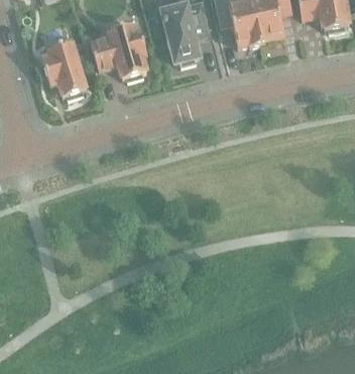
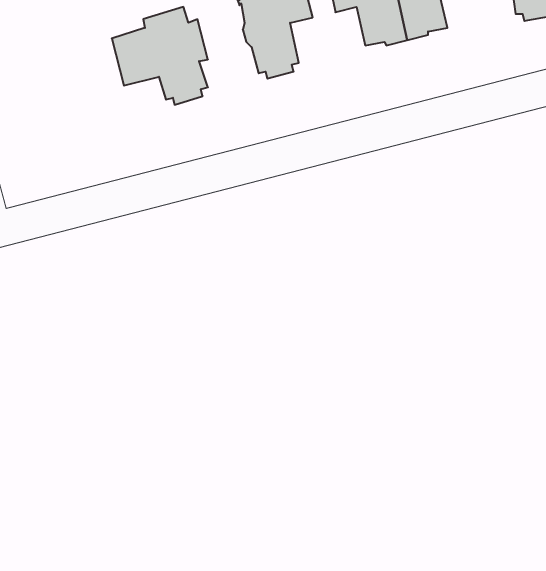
building: [41,36,86,99] -> none

